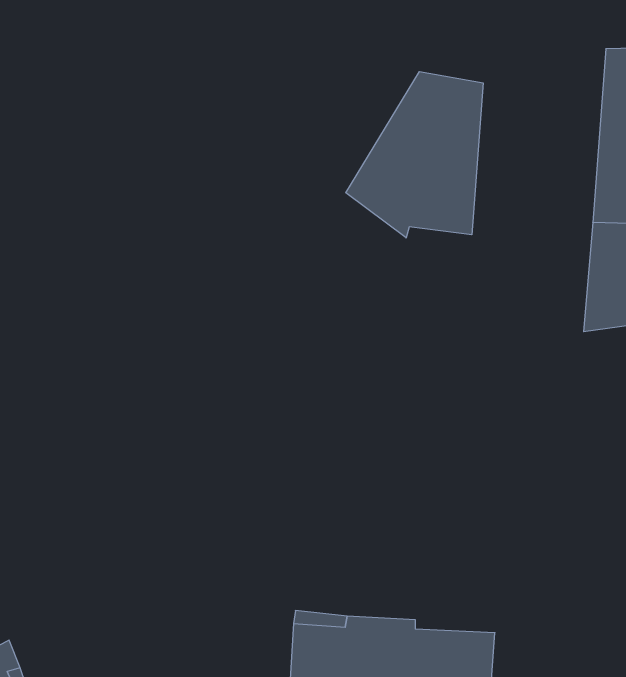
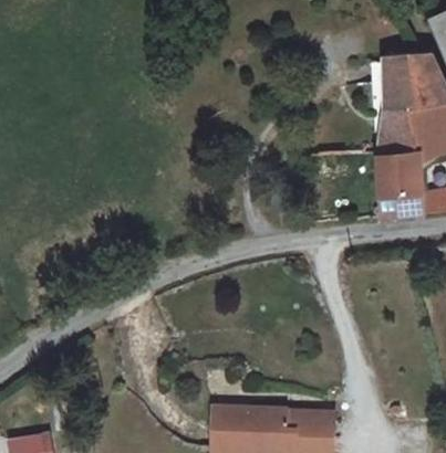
building: [346,72,483,238] -> none

